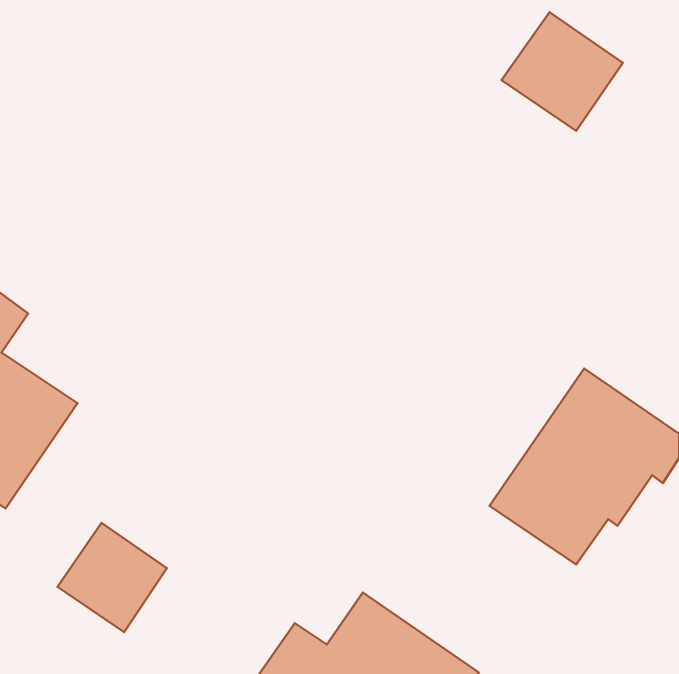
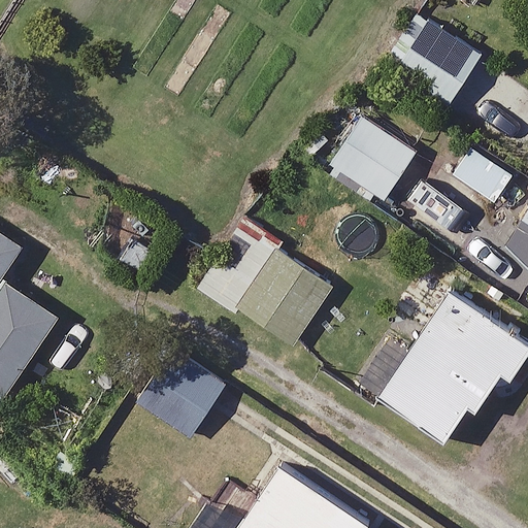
building: none -> [327,114,417,202]
building: none -> [202,226,334,345]
building: [58,523,167,632] -> [139,353,224,437]

